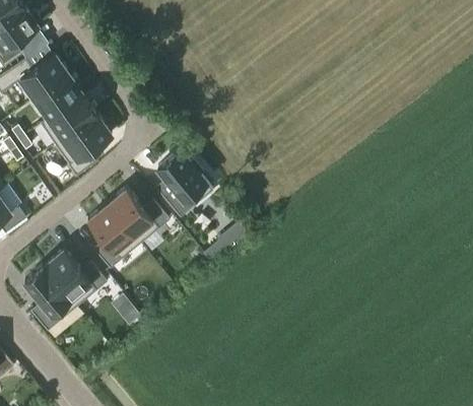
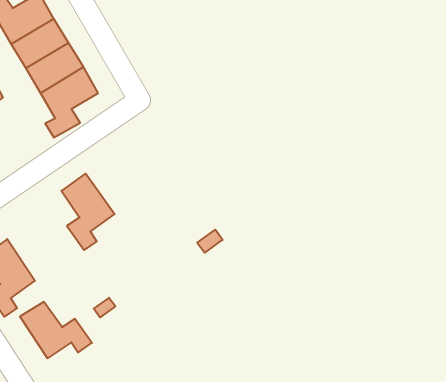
building: [157,151,206,218] -> none
building: [107,189,170,238] -> none
building: [45,252,108,299] -> [20,302,92,358]

